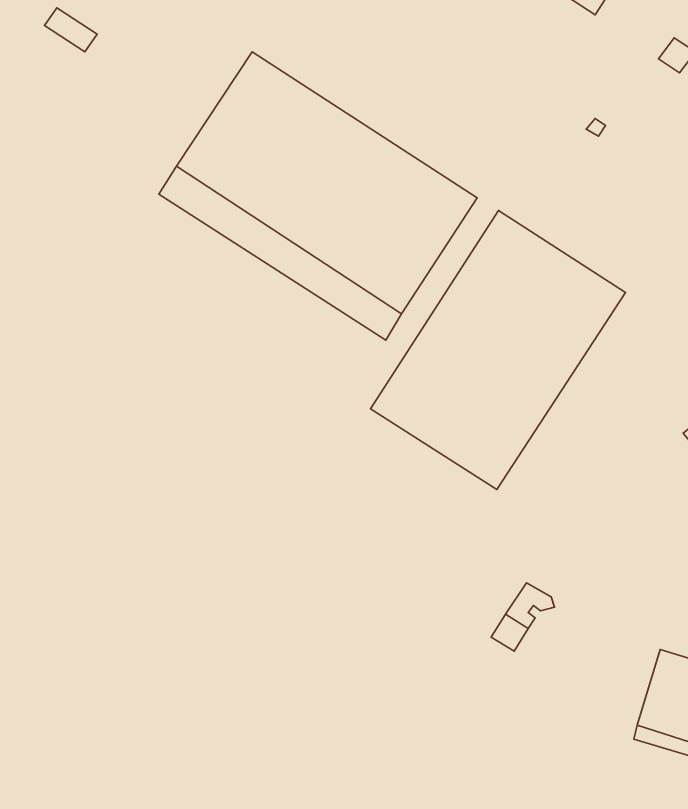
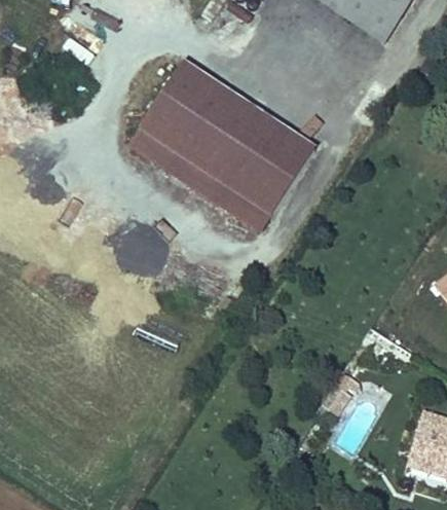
building: [371,210,626,490] -> none

